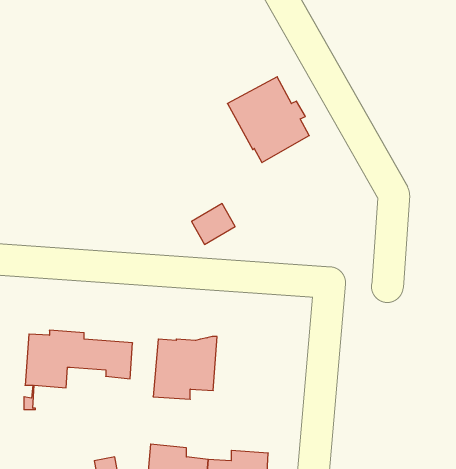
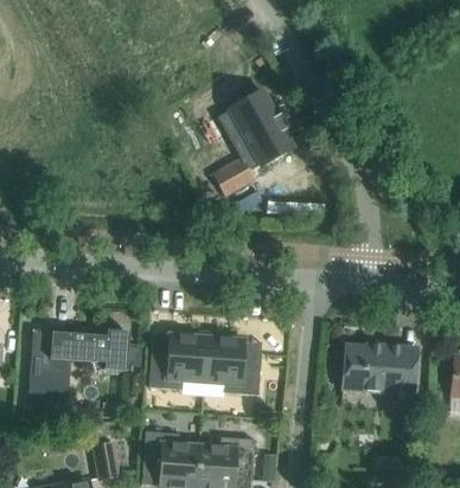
building: [192,204,235,244] -> [213,158,254,195]
building: none -> [204,332,262,396]
building: none -> [341,343,416,406]

